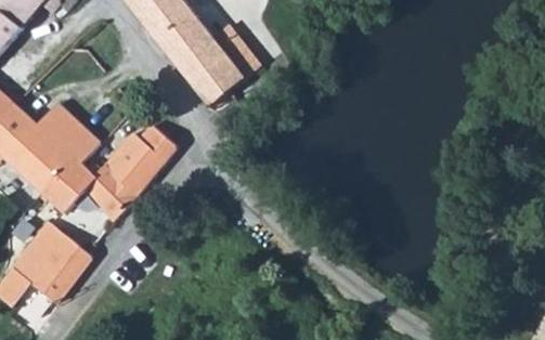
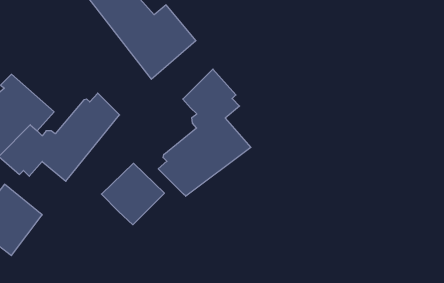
building: none -> [158,69,251,196]
building: none -> [101,163,164,225]

